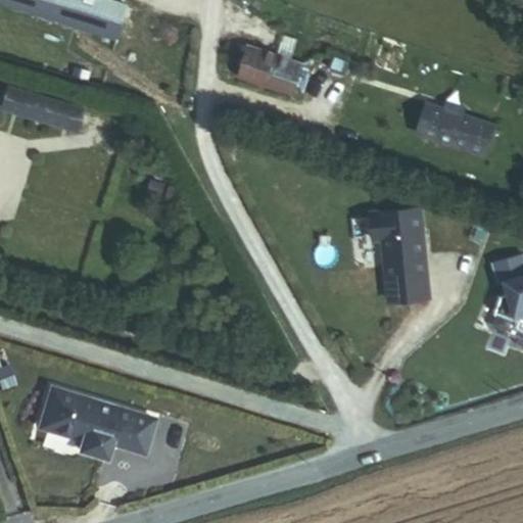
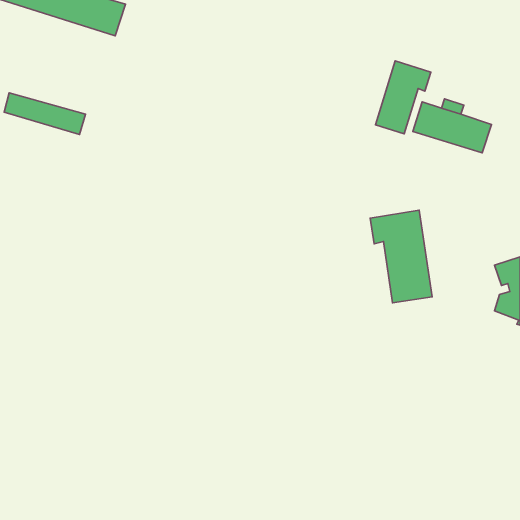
building: [237,45,301,93] -> none
building: none -> [375,61,431,134]
building: [38,385,152,457] -> none

